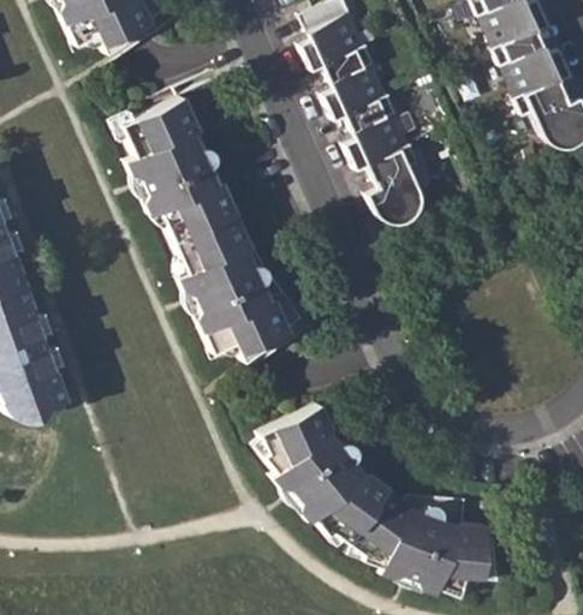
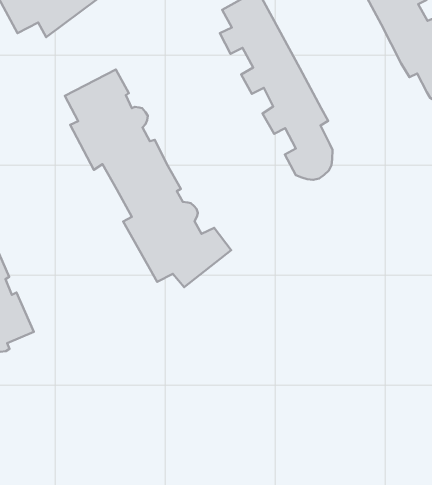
building: [260,401,484,596] -> none

